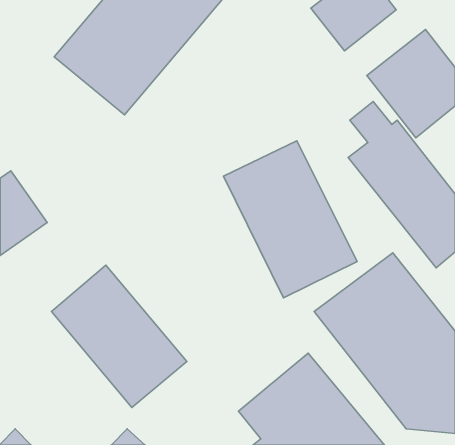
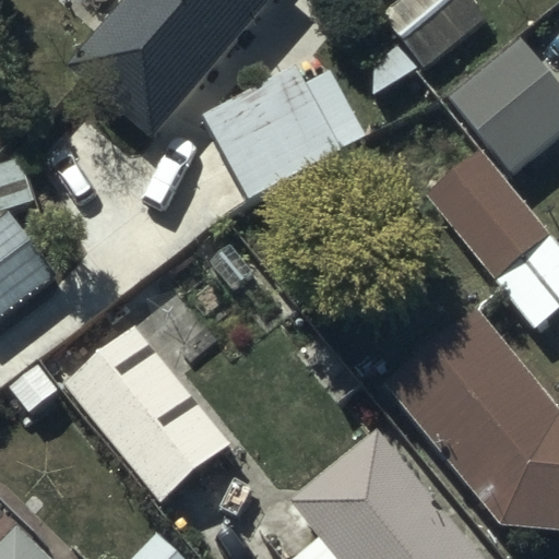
building: none -> [203,64,368,201]
building: [224,141,357,298] -> none

